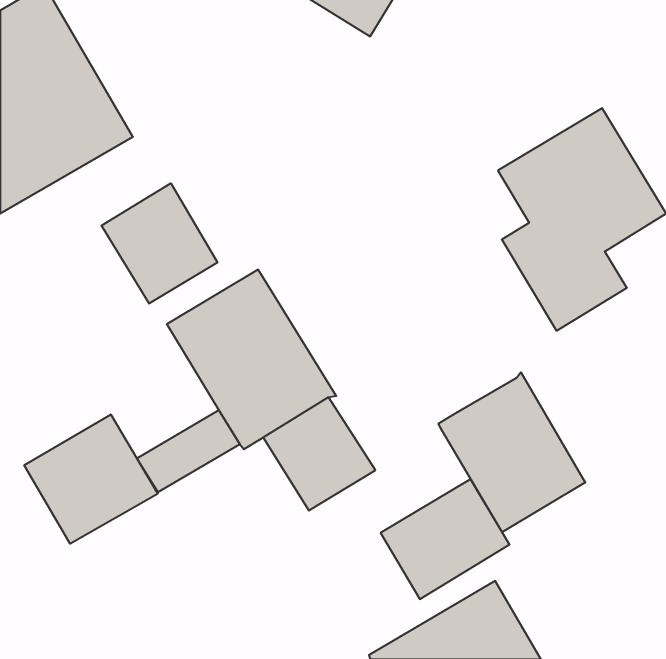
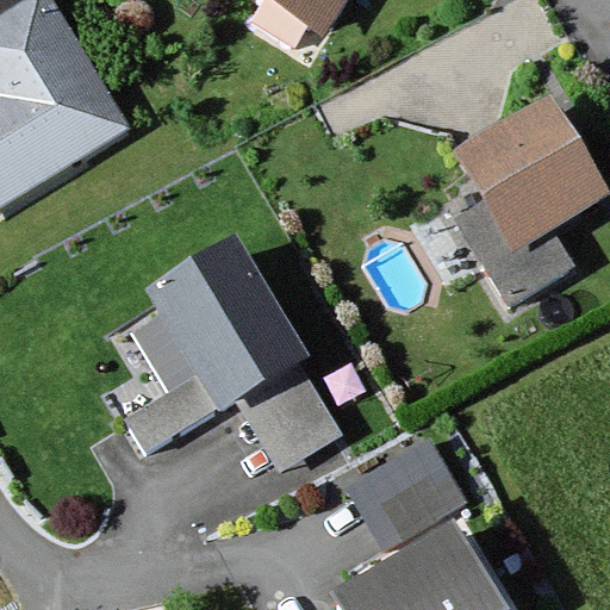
building: [102,183,217,304] -> none
building: [439,372,585,532] -> none
building: [24,414,158,544] -> none

